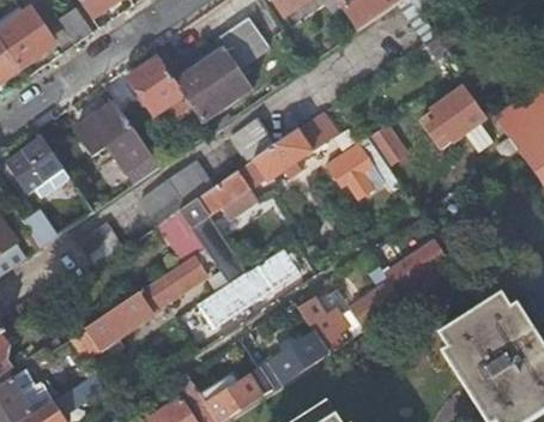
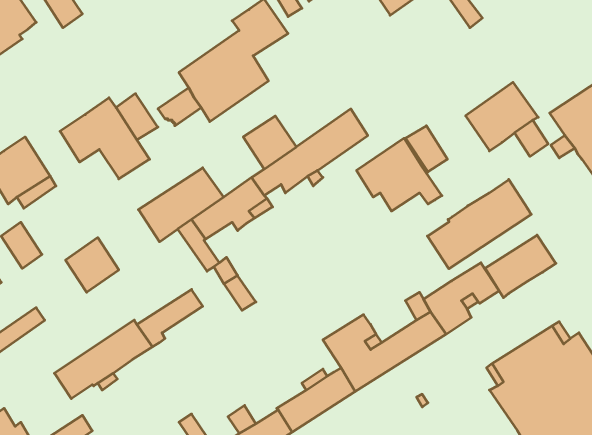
building: [133,59,183,113] -> none
building: none -> [427,179,531,269]
building: none -> [485,235,556,298]
building: [200,263,282,327] -> none

